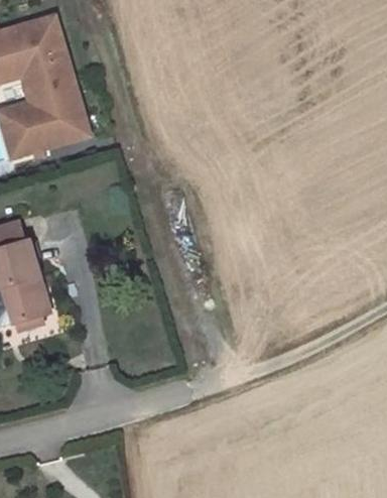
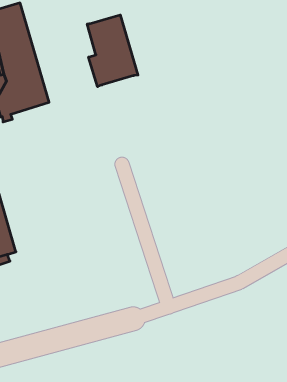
building: none -> [87,15,138,87]

